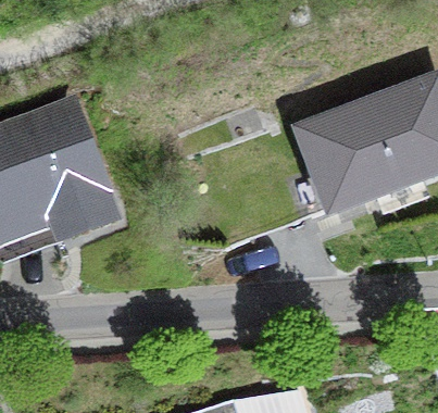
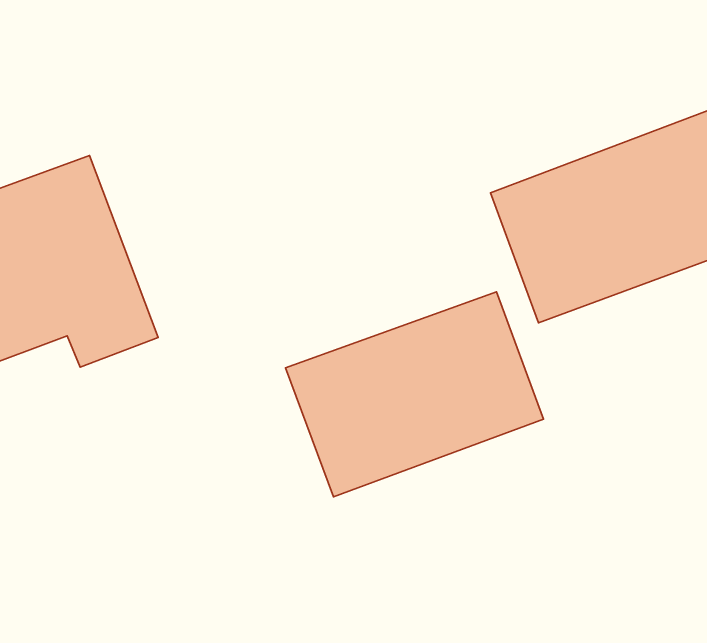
building: none -> [286,292,543,497]

